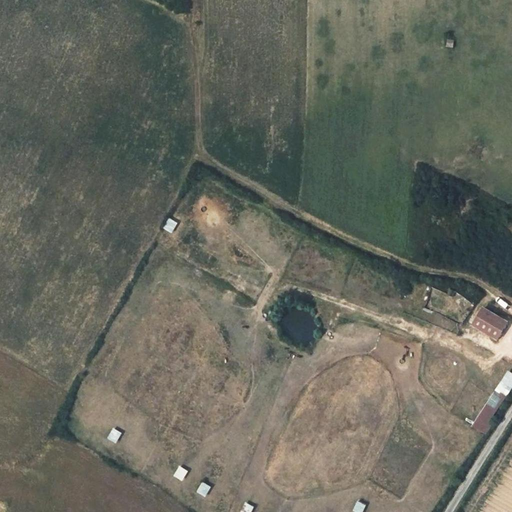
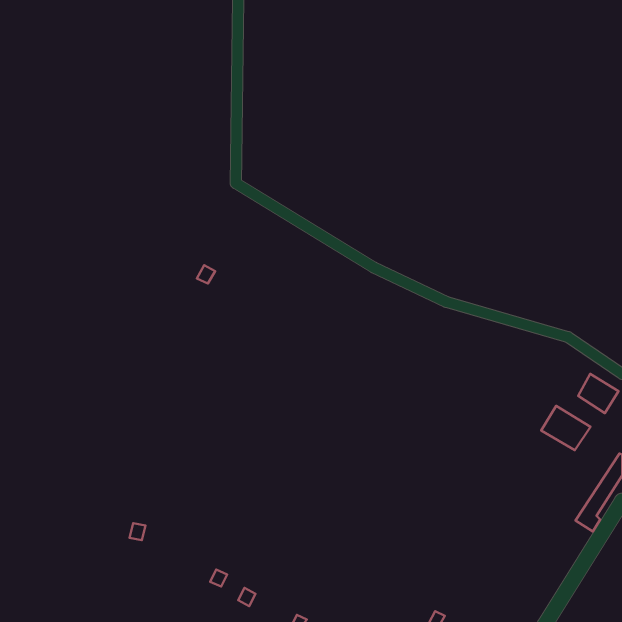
building: none -> [541,406,590,450]

